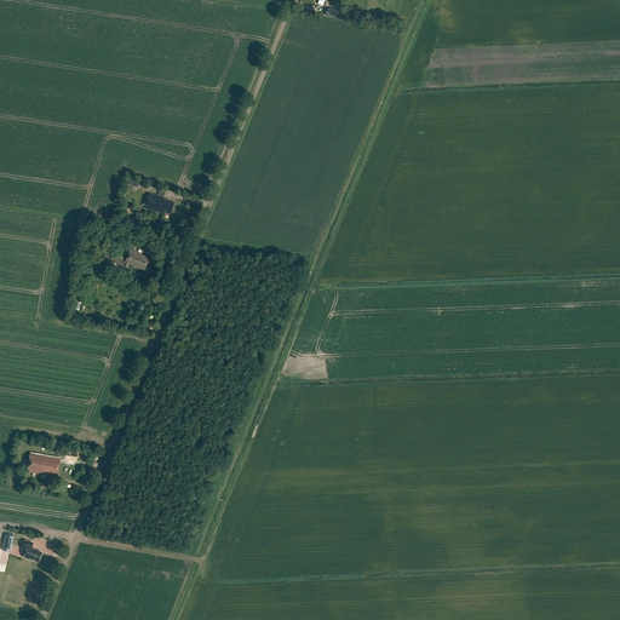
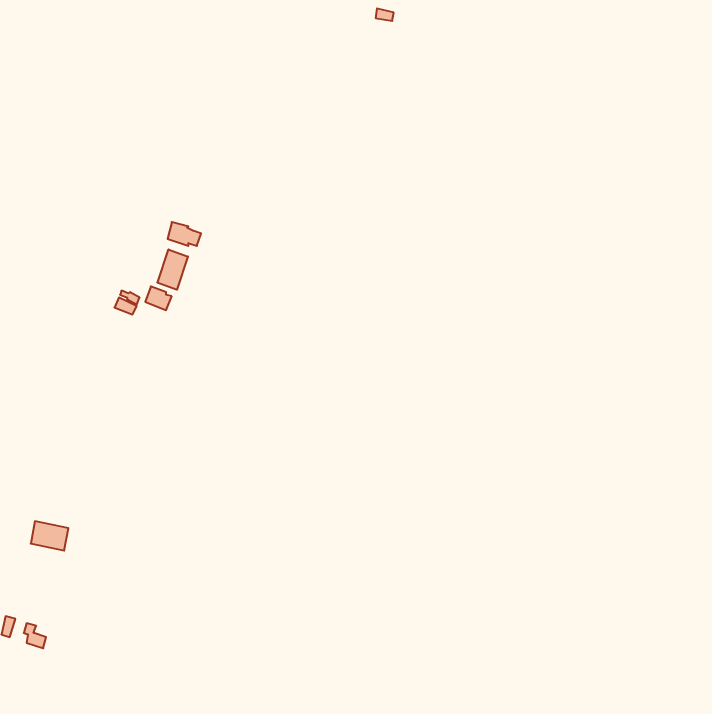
building: none -> [157,249,188,290]

